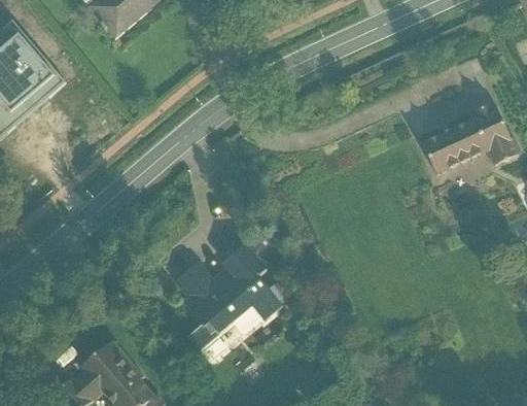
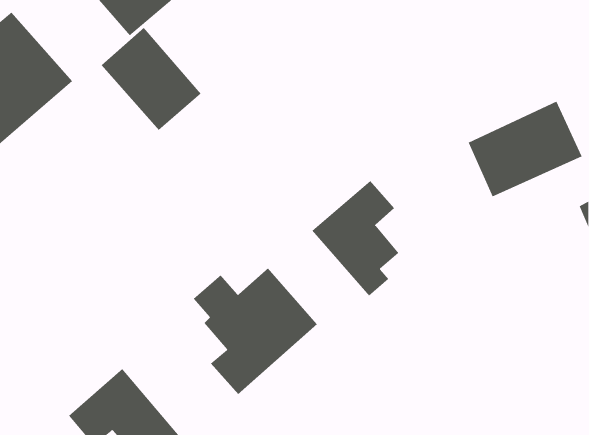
building: none -> [101,27,202,131]
building: none -> [311,180,399,296]

